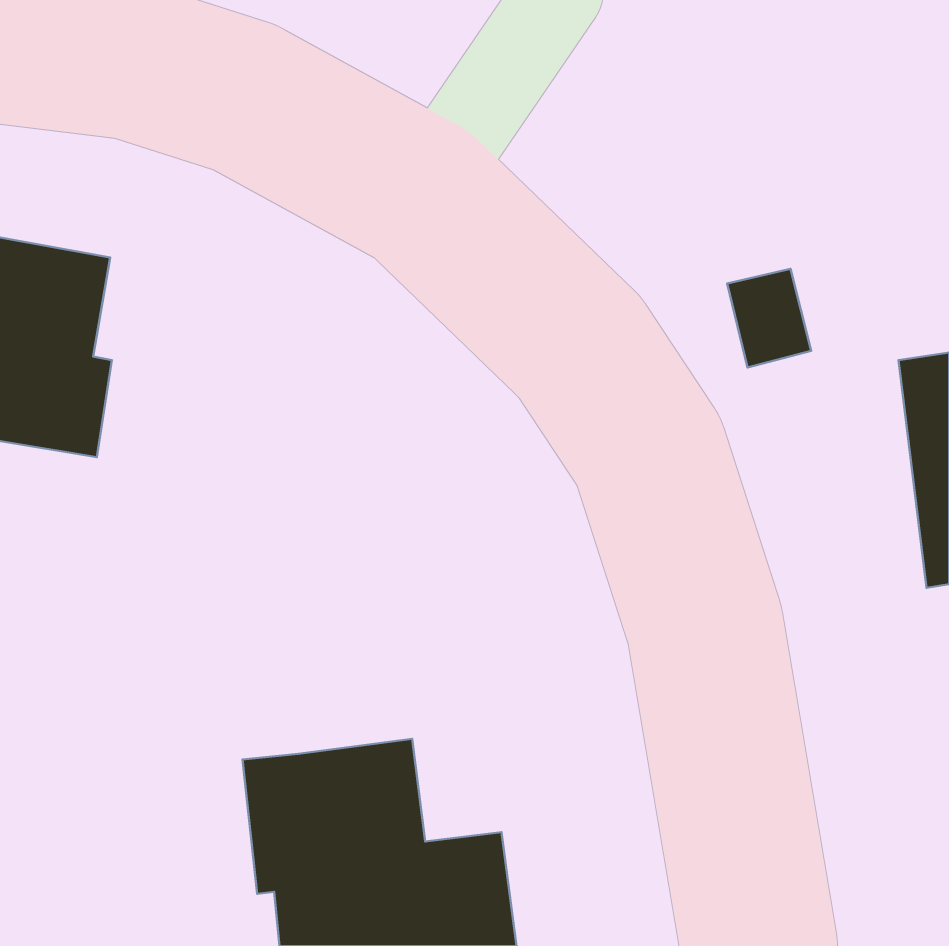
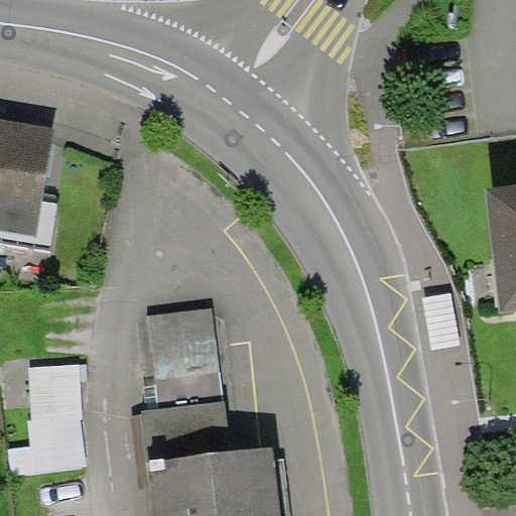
building: none -> [149,309,223,407]
building: none -> [10,366,83,468]

